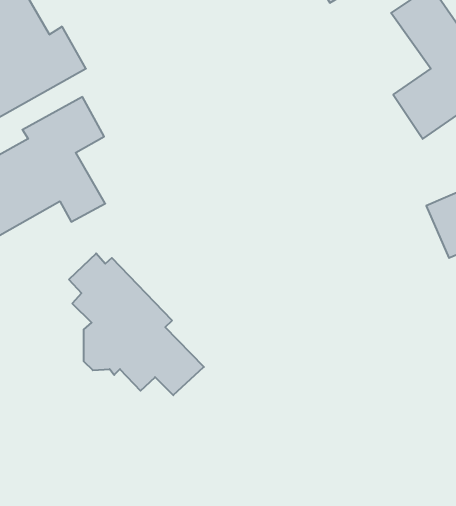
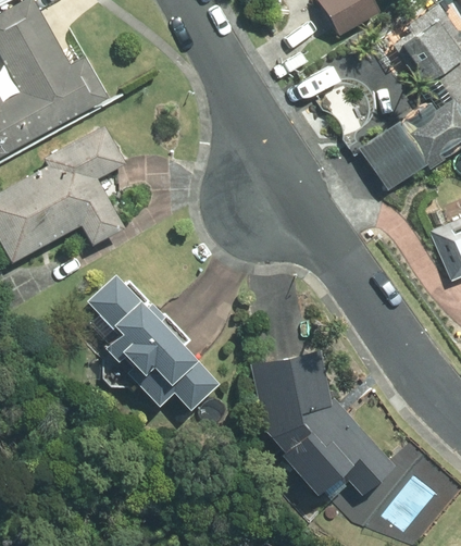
building: none -> [358,121,426,189]
building: none -> [249,349,395,495]

